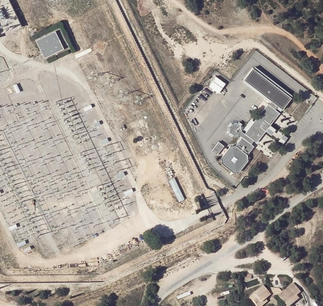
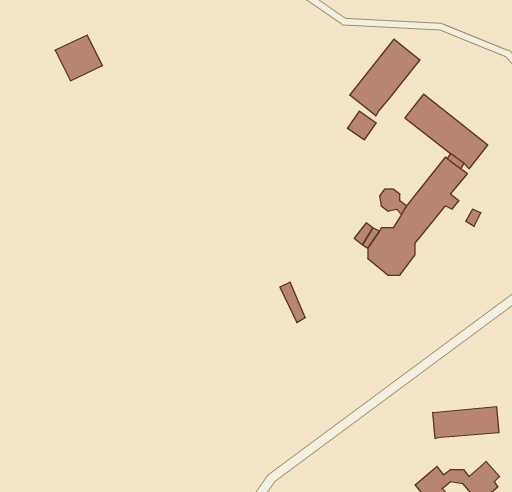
building: none -> [350,39,420,116]
building: none -> [433,407,499,439]

